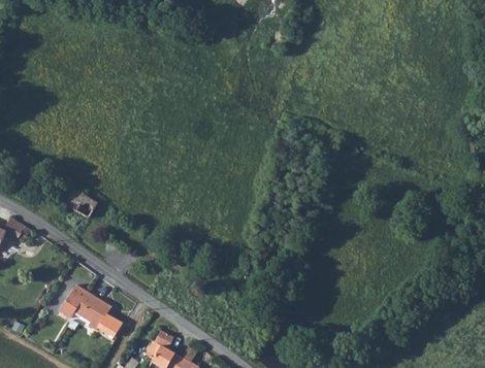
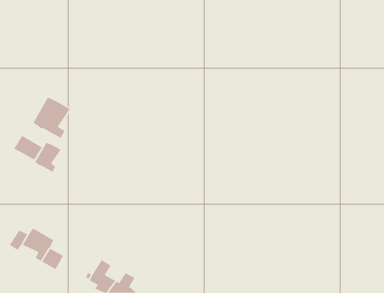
building: none -> [32,97,71,139]
building: none -> [34,142,61,173]

